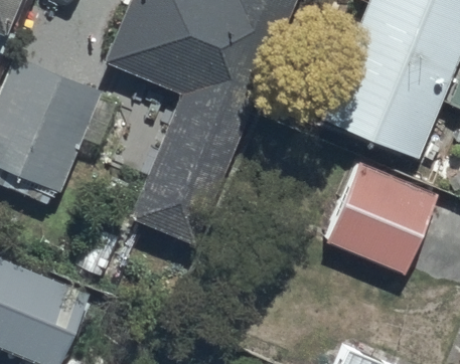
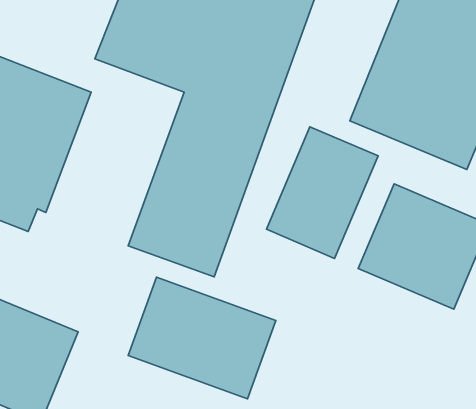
building: none -> [266,127,378,258]
building: none -> [128,277,276,399]

